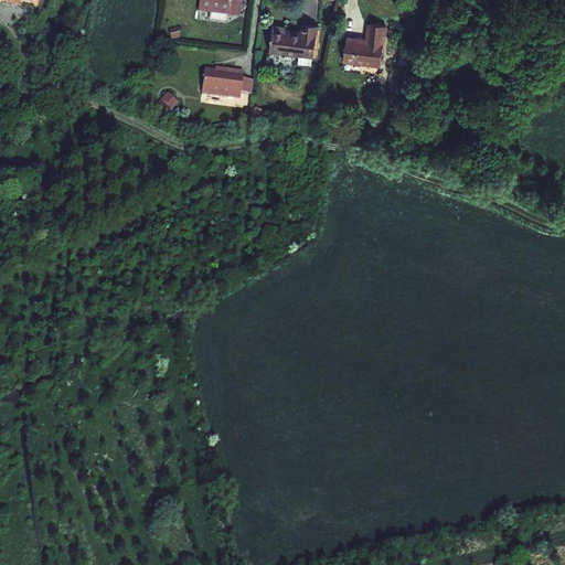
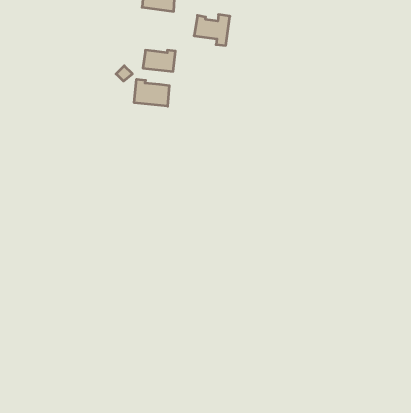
building: [342,21,387,64] -> none
building: none -> [134,79,169,106]

